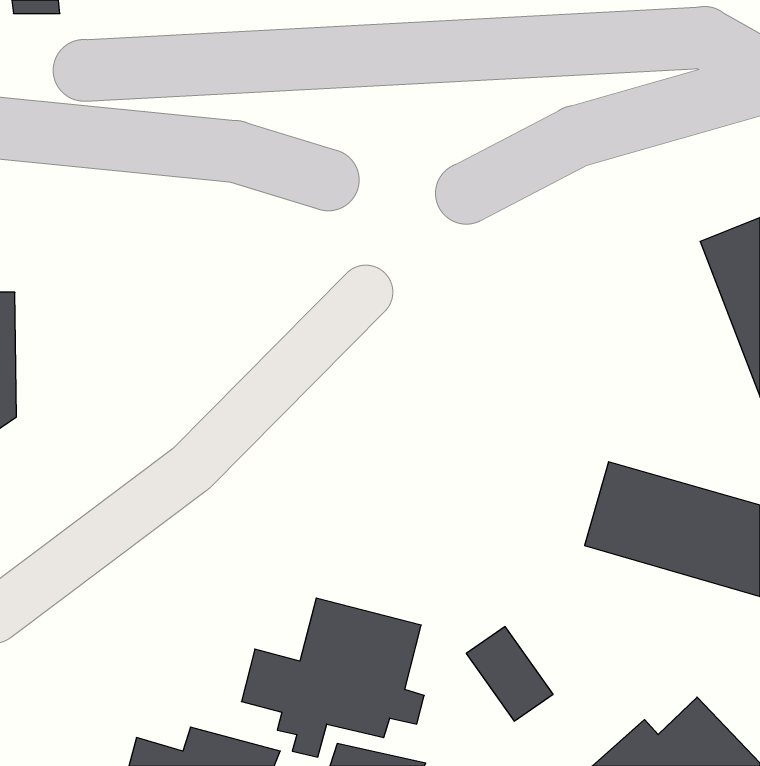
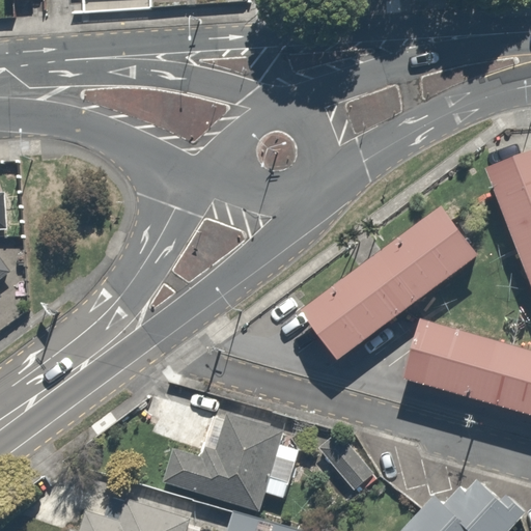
building: none -> [302,206,477,358]

